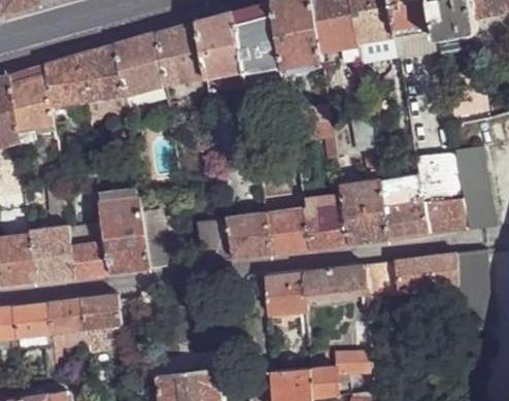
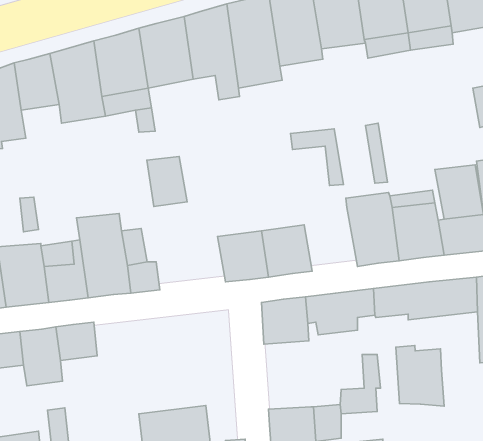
building: [302,192,350,248] -> none
building: [197,218,233,262] -> [147,157,187,206]
building: none -> [396,346,444,406]

